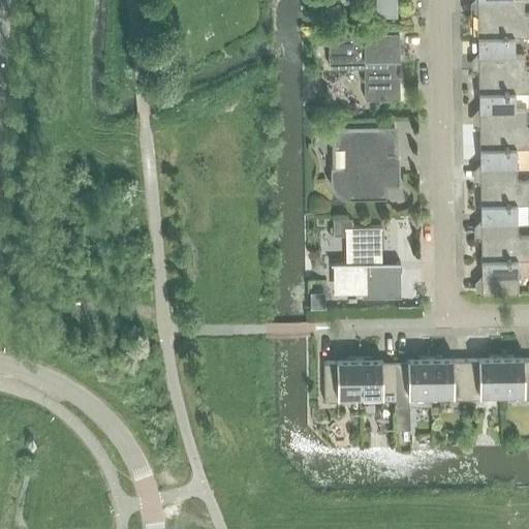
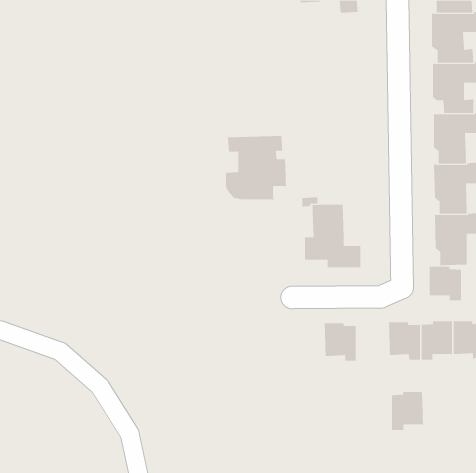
building: [330,37,401,104] -> none
building: [332,130,400,201] -> [225,135,287,200]
building: none -> [429,266,461,301]
building: [396,361,432,404] -> [391,391,424,431]
building: [324,362,361,405] -> none

